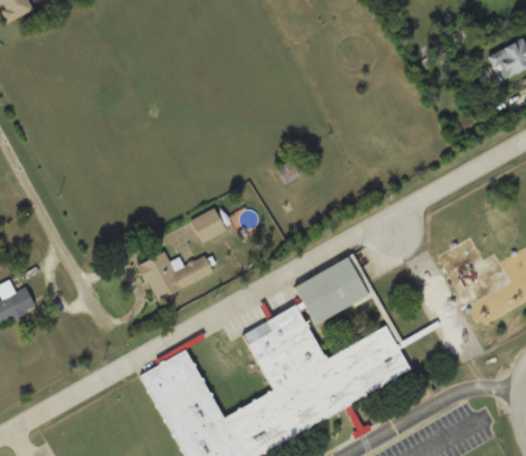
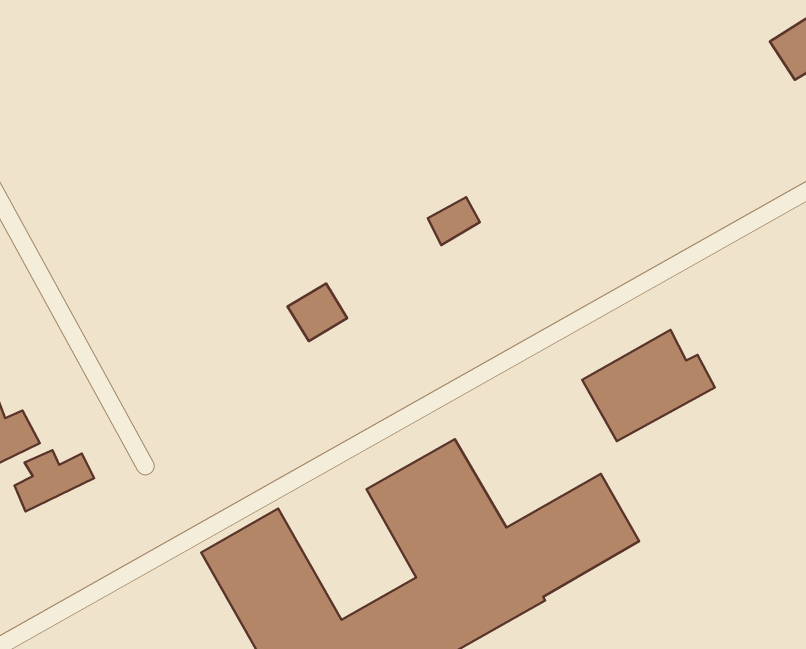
building: [139,251,214,300] -> none
building: [292,256,374,325] -> [582,330,715,441]
building: none -> [14,450,94,512]

